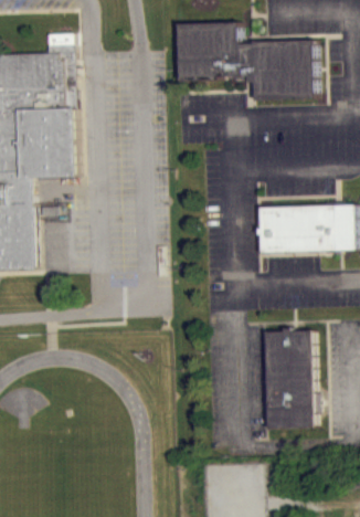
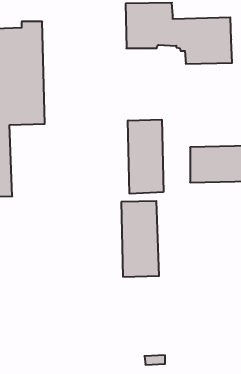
building: none -> [128,120,163,194]
building: [267,330,316,428] -> [121,201,159,277]

